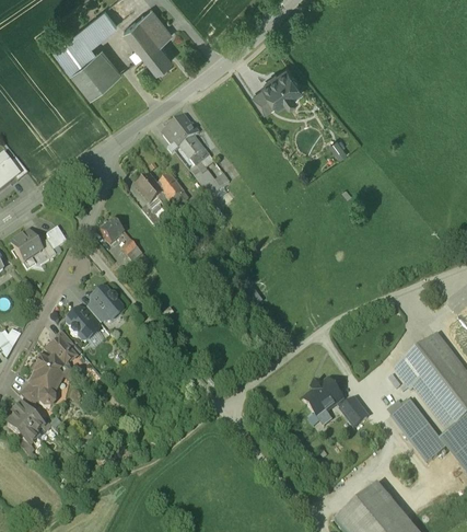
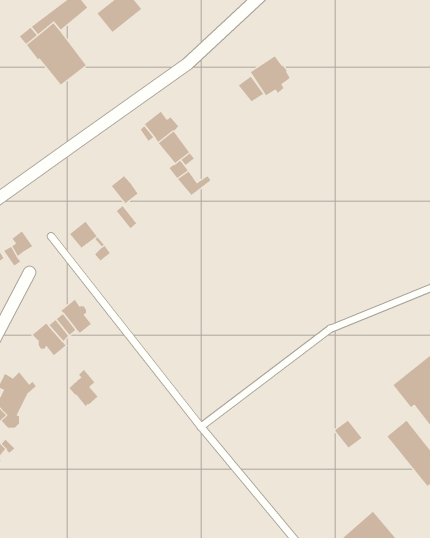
building: [137,23,173,73] -> none
building: [157,173,189,204] -> none
building: [48,331,75,366] -> [69,369,99,407]
building: [304,379,343,416] -> none

